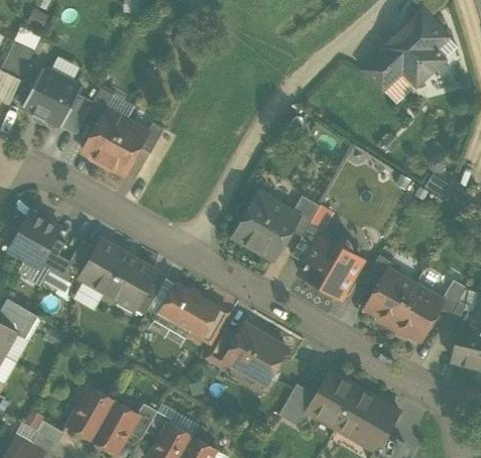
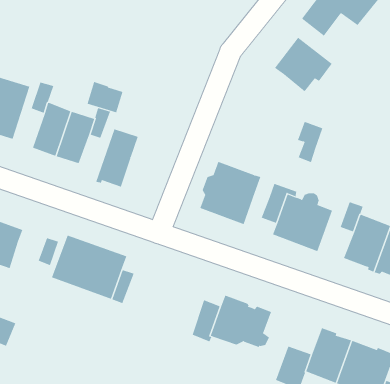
building: none -> [274,37,333,92]
building: none -> [87,81,123,113]
building: none -> [96,128,138,187]
building: [289,196,319,237] -> [297,121,323,163]
building: [40,238,69,282] -> none
building: [151,284,218,343] -> none

